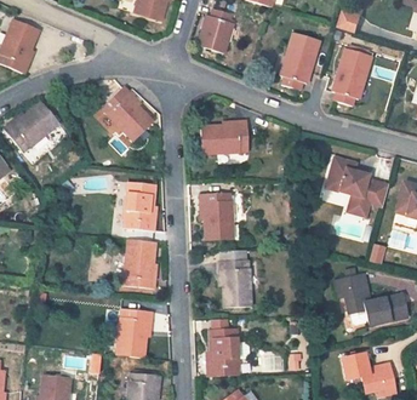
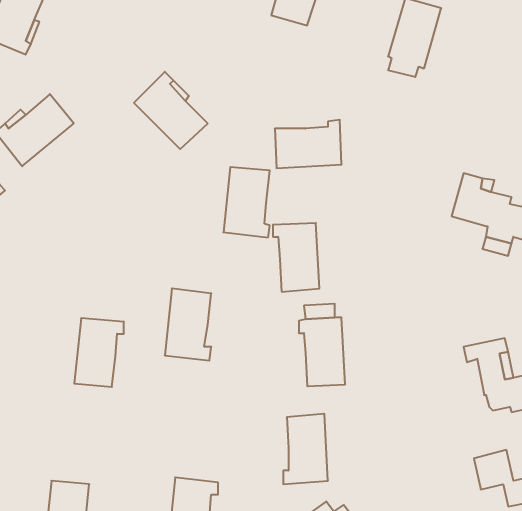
building: [331,50,370,107] -> none
building: [122,182,155,232] -> [223,167,270,237]
building: [116,309,152,358] -> [74,318,124,387]

